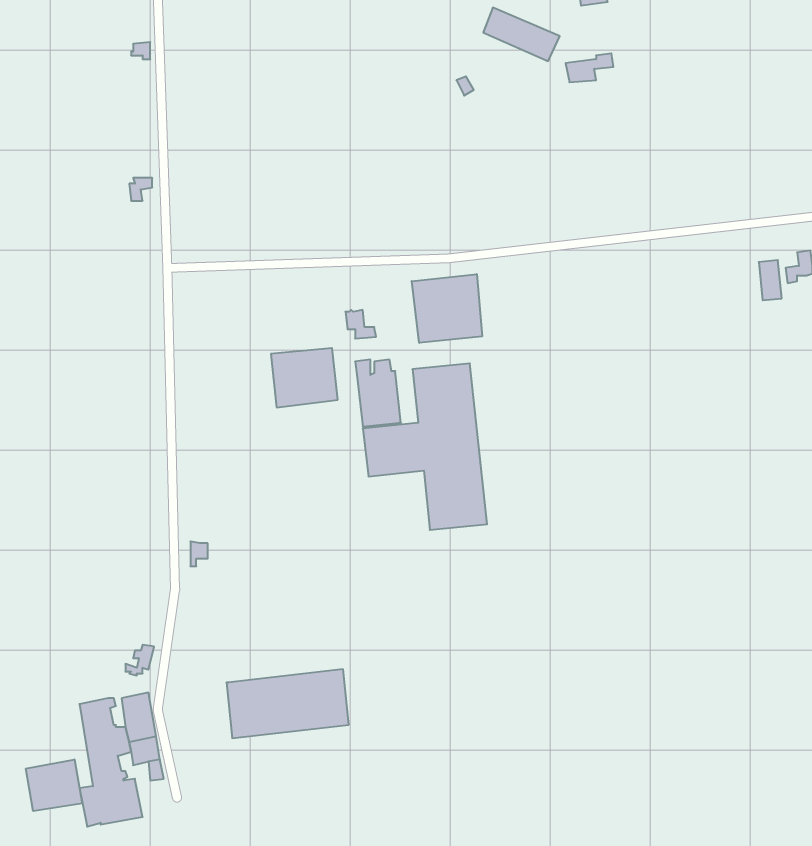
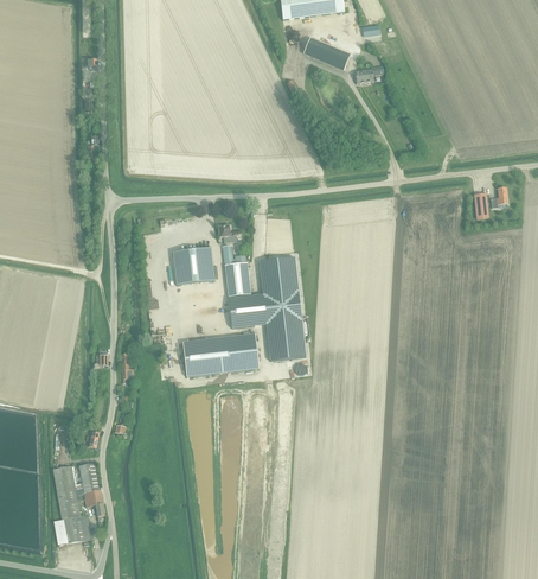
building: [412,274,482,343] -> none
building: [226,669,349,738] -> [181,333,257,376]
building: [26,759,82,811] -> none

